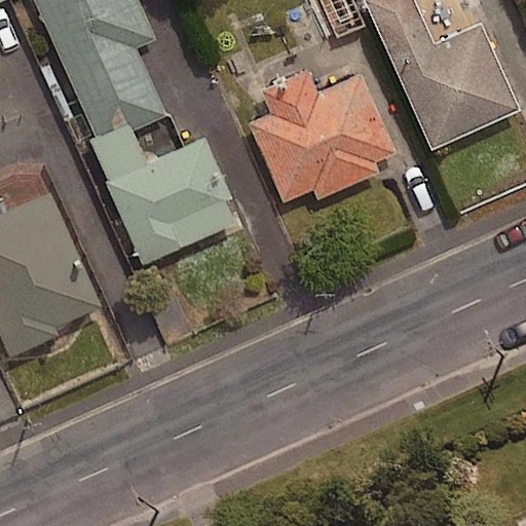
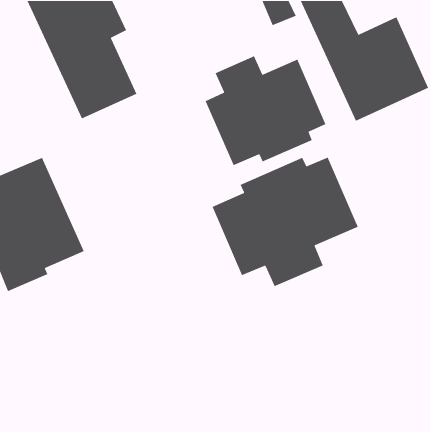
building: [107,138,230,262] -> none
building: none -> [211,157,359,287]

